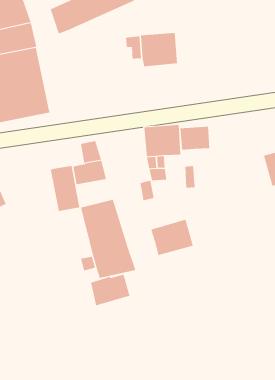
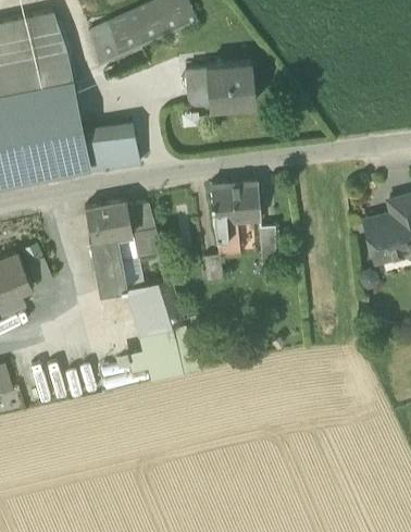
building: none -> [82,125,140,170]
building: [180,126,210,151] -> none
building: none -> [85,200,133,239]
building: [151,219,194,256] -> none
building: [90,274,130,306] -> none

